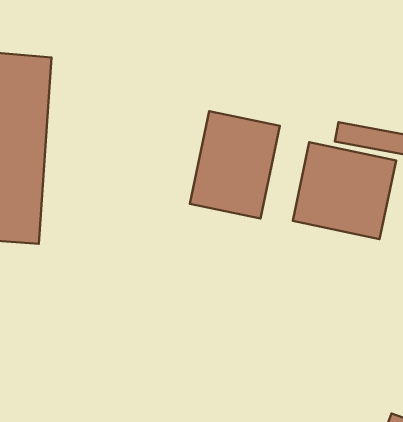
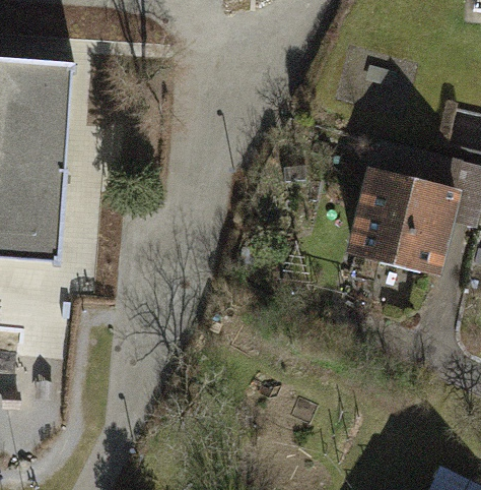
building: [190,111,280,219] -> none

